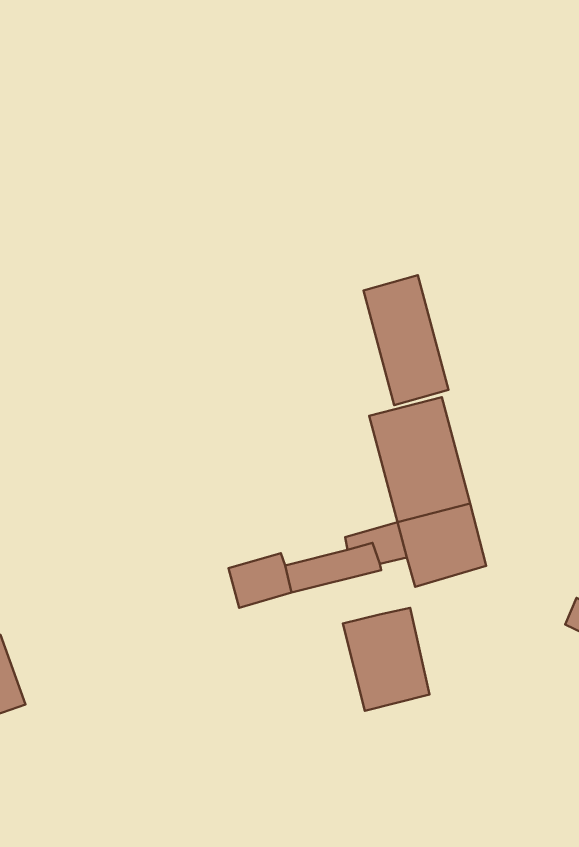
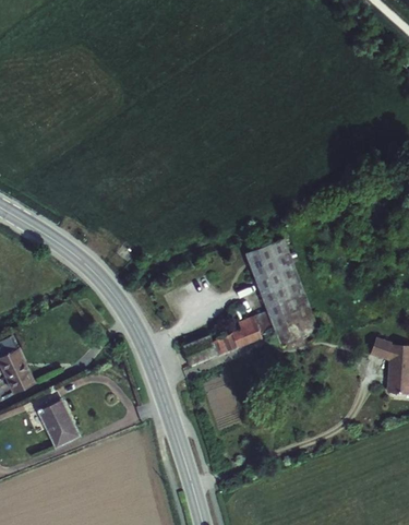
building: [364,275,449,405] -> none
building: [343,608,429,711] -> none

